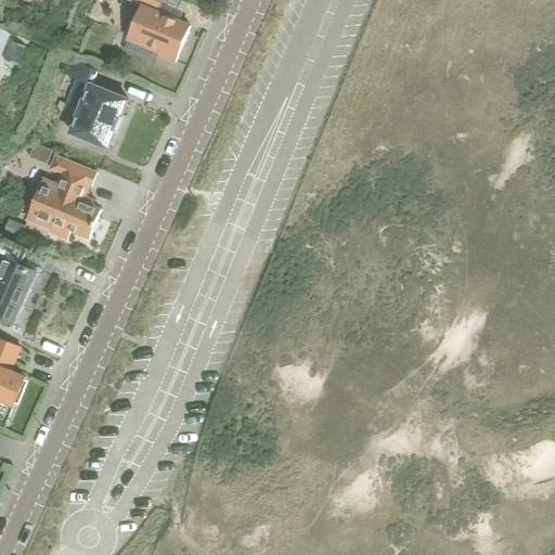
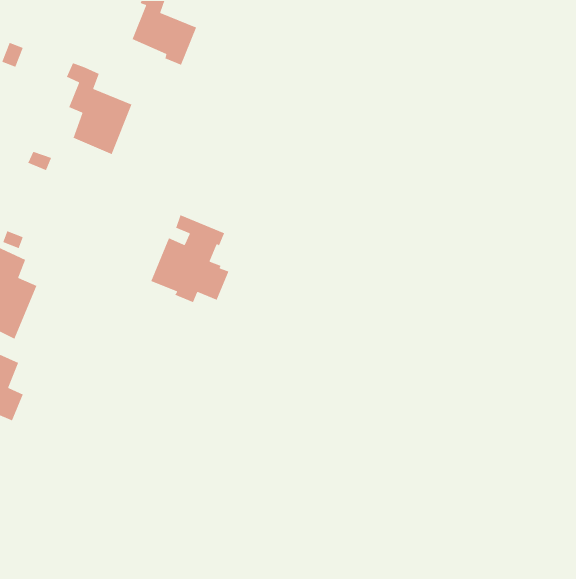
building: [24,155,100,240] -> [150,215,230,303]

